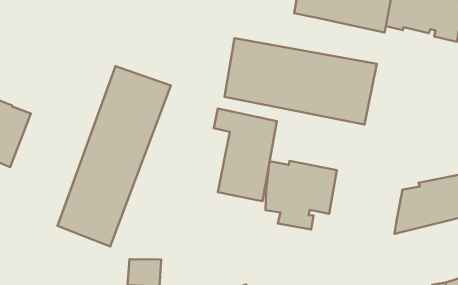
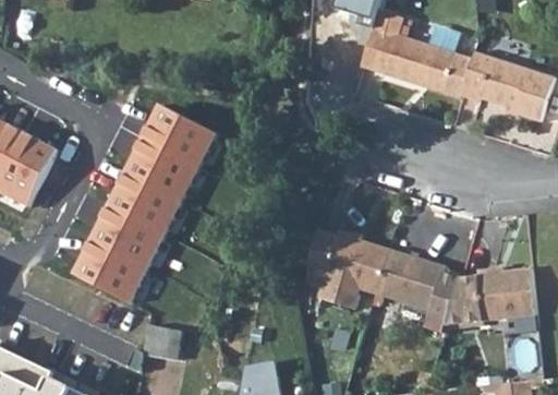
building: [225,38,377,125] -> none
building: [214,109,277,201] -> none
building: none -> [374,249,458,314]

